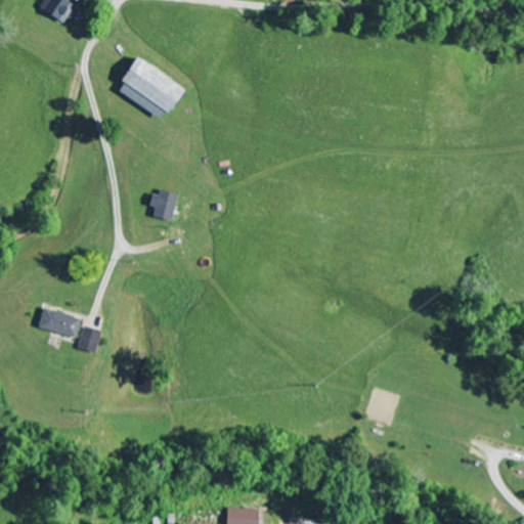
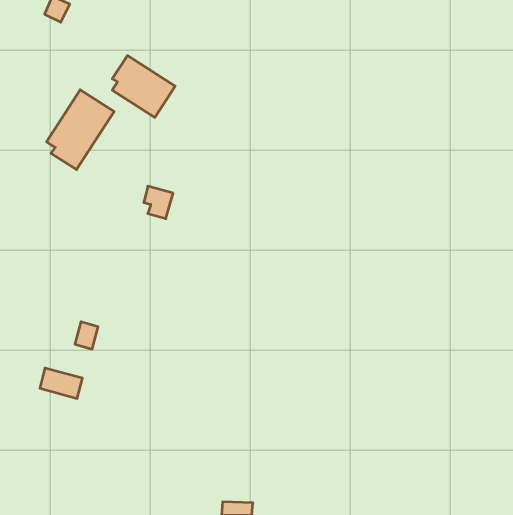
building: none -> [47,90,114,170]
building: [39,307,82,338] -> [40,368,82,398]

